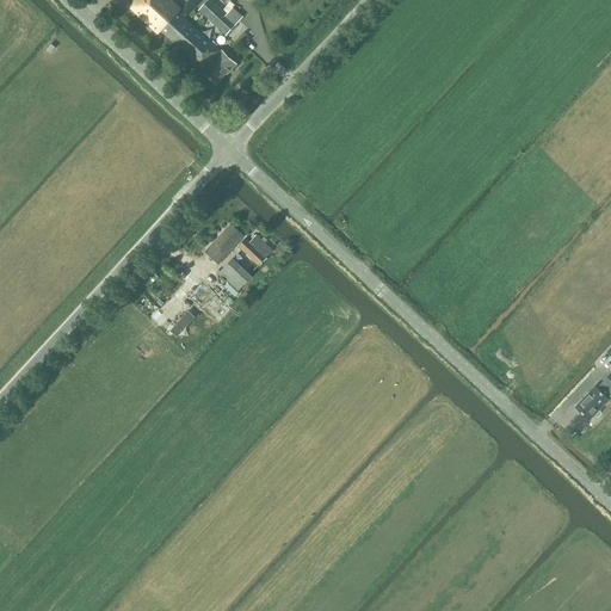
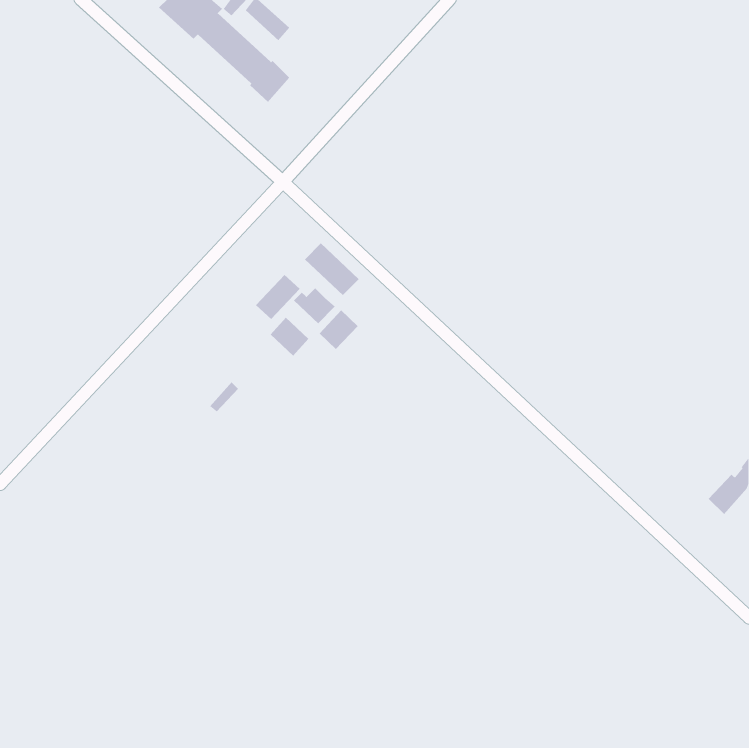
building: none -> [304,243,360,296]
building: none -> [319,310,358,350]

